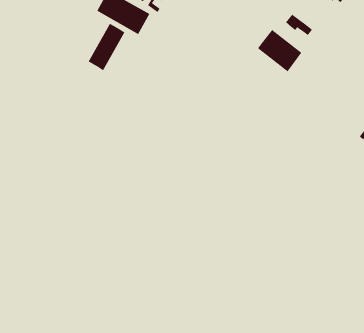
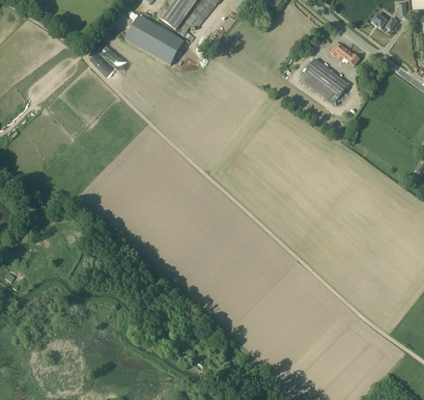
building: [88,23,125,71] -> none

